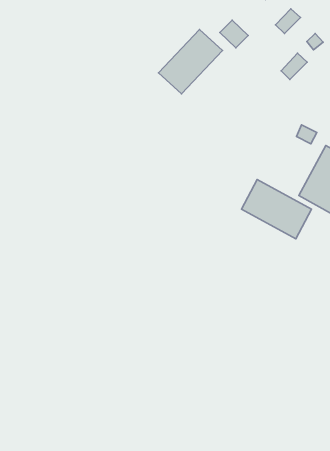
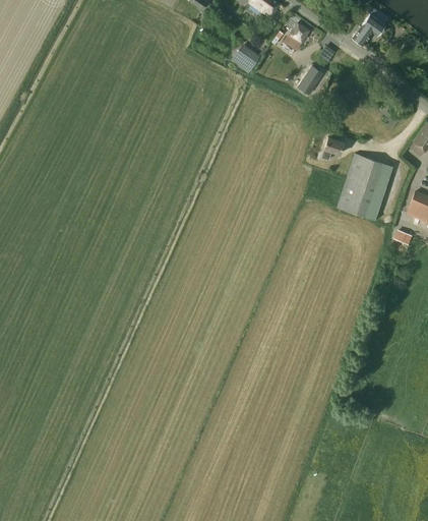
building: [159,30,222,94] -> none
building: [241,179,311,239] -> none

